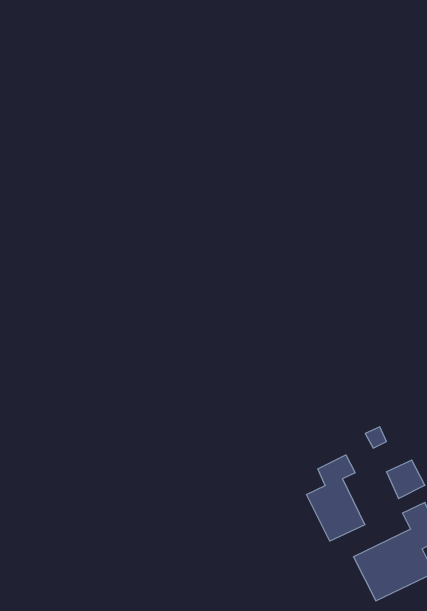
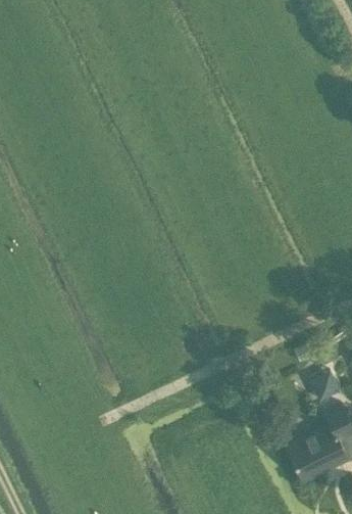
building: [306,455,365,541] -> none

